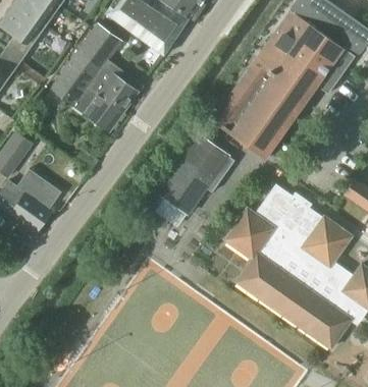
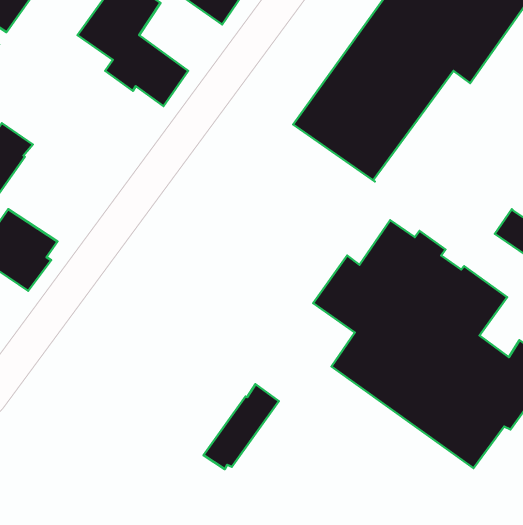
building: [49,62,125,131] -> none
building: [141,130,234,214] -> none
building: none -> [203,384,279,469]

